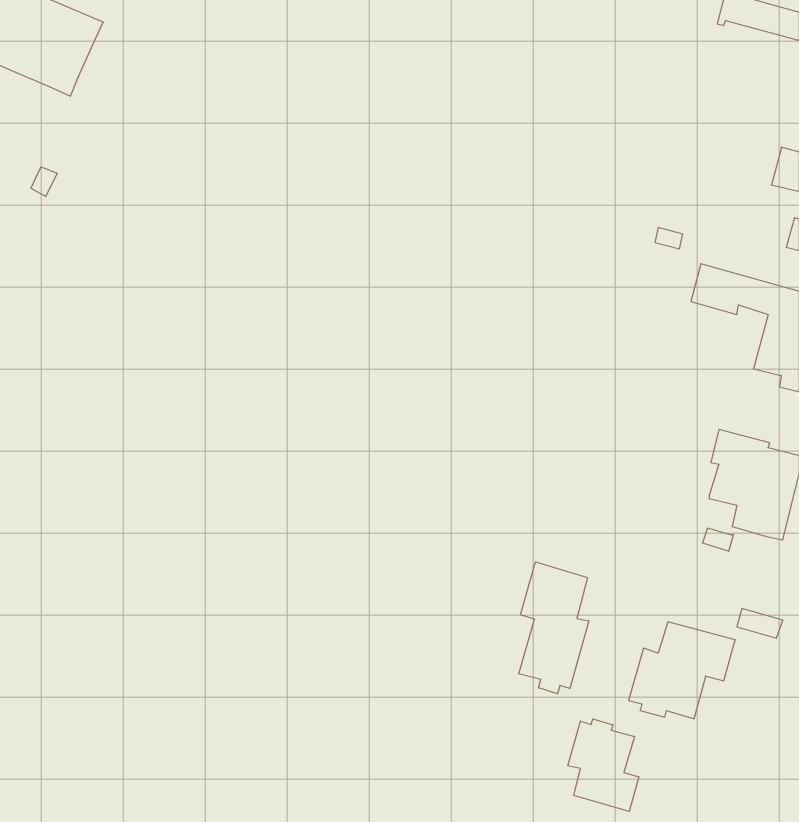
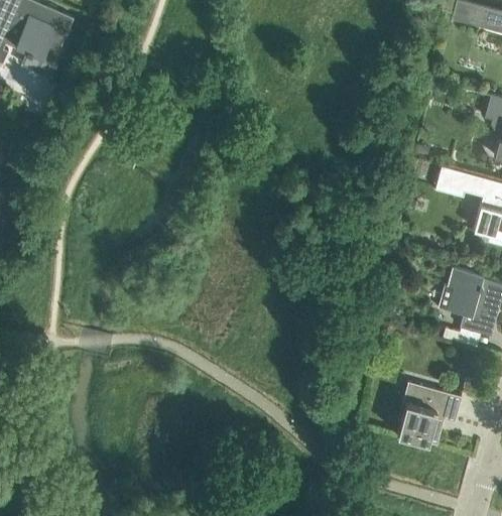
building: [519,562,589,694] -> none
building: [568,719,639,812] -> none

